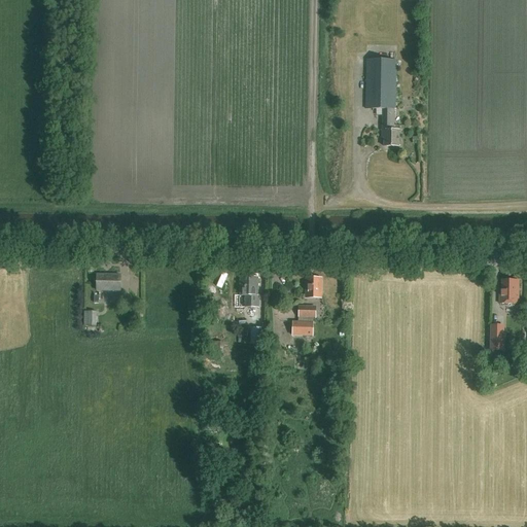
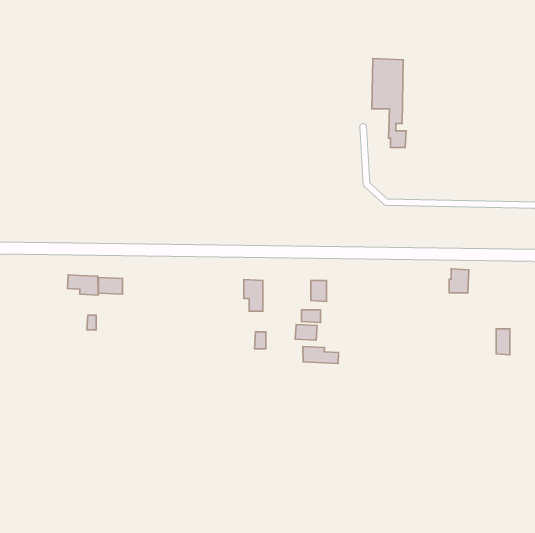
building: none -> [68,275,98,295]
building: [499,278,519,302] -> [449,269,469,293]
building: none -> [303,346,339,363]

